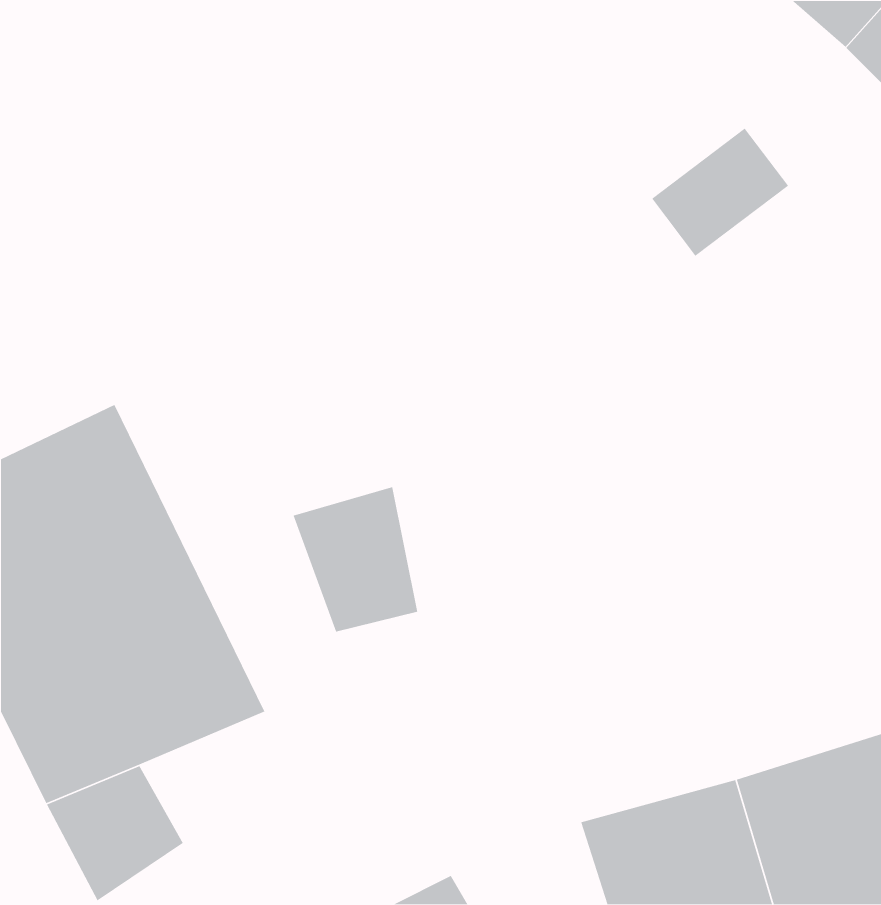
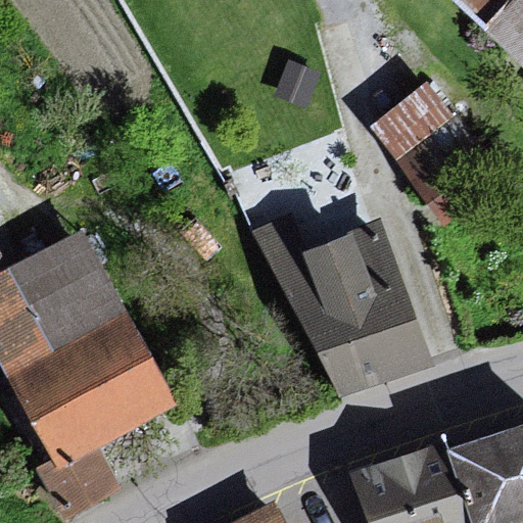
building: none -> [258,196,429,402]
building: [293,486,418,632] -> none

